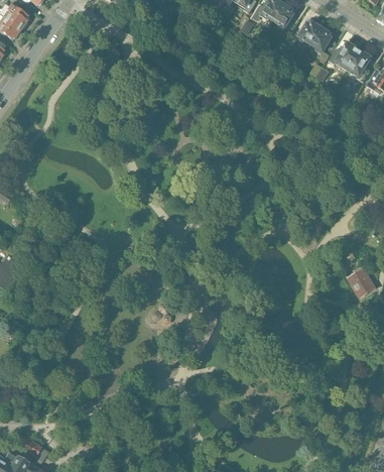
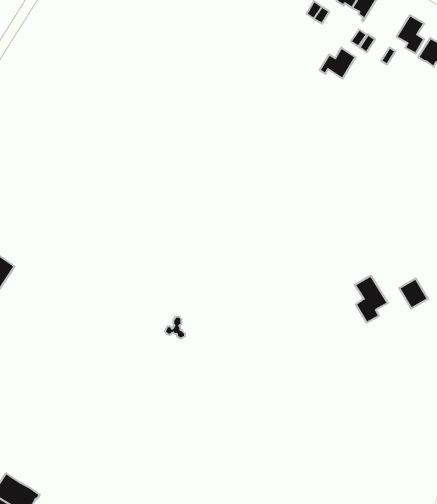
building: [329,41,359,68] -> [320,47,356,79]
building: none -> [355,275,388,323]

